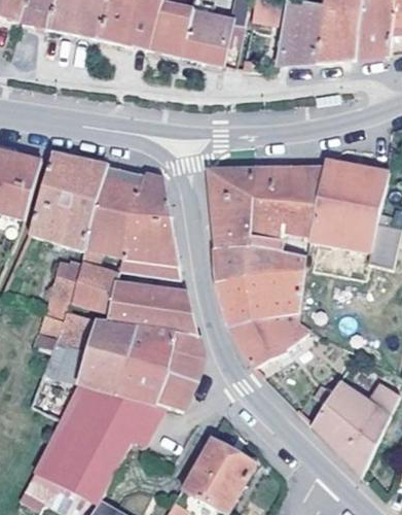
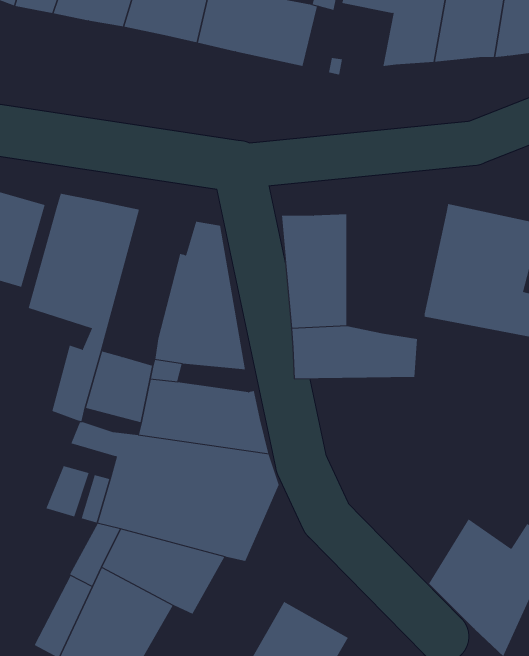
building: [81,164,147,267] -> none
building: [253,166,322,250] -> none
building: [216,281,305,367] -> none

